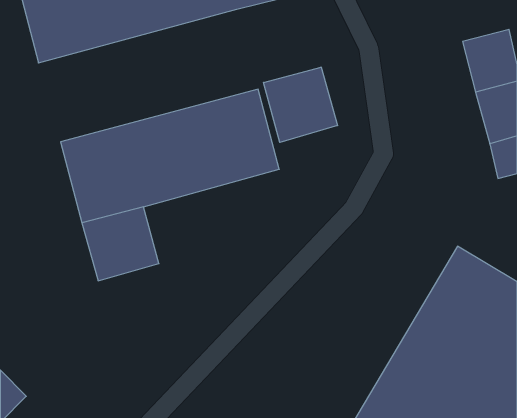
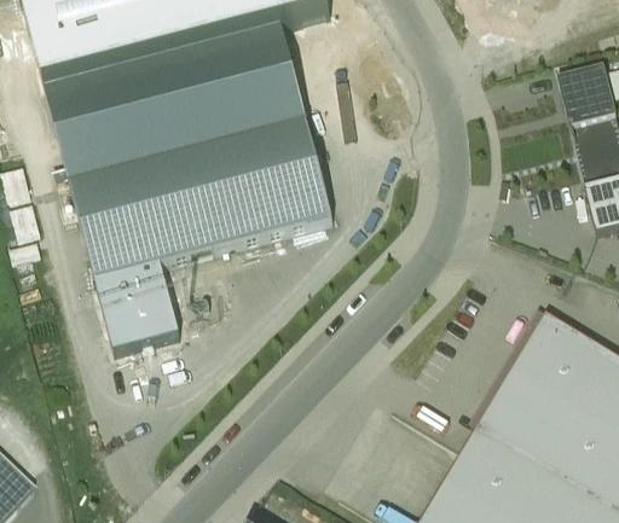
building: none -> [46,29,308,187]
building: [264,67,338,142] -> none

